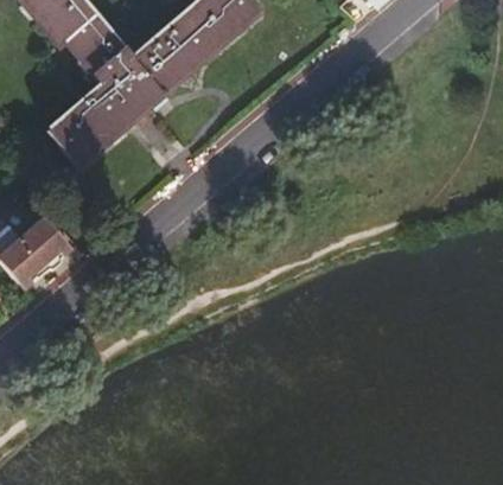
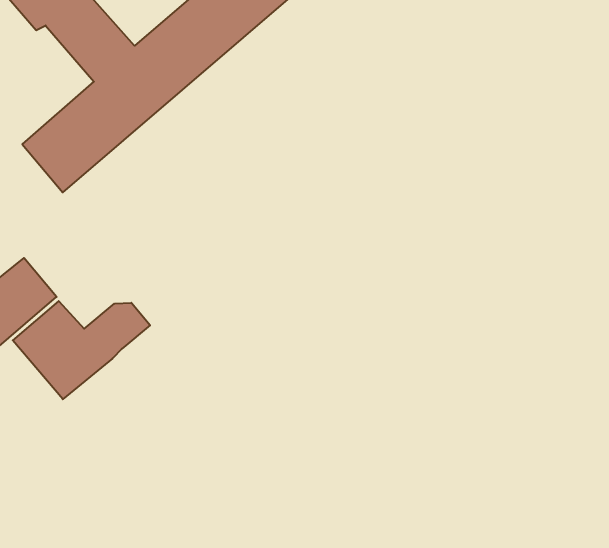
building: none -> [13,301,150,399]

